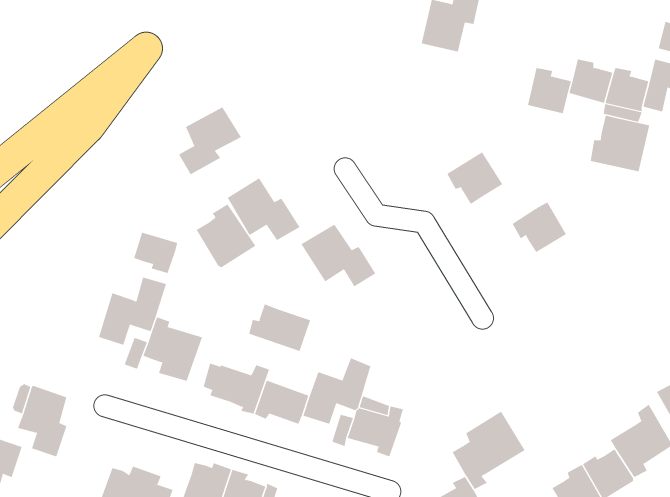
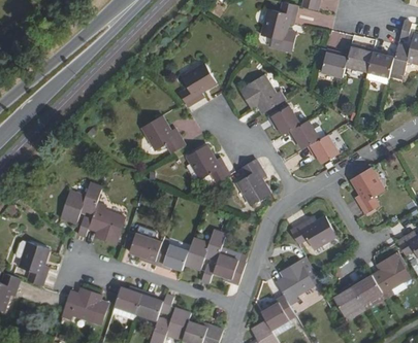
building: none -> [244,72,288,110]
building: [178,106,242,175] -> [179,58,217,99]
building: [590,115,650,172] -> none
building: none -> [293,115,326,146]
building: [196,204,256,268] -> none
building: [133,232,178,274] -> none
building: none -> [236,159,271,205]
building: none -> [350,168,383,214]
building: [248,304,311,352] -> none
building: none -> [290,216,336,249]

